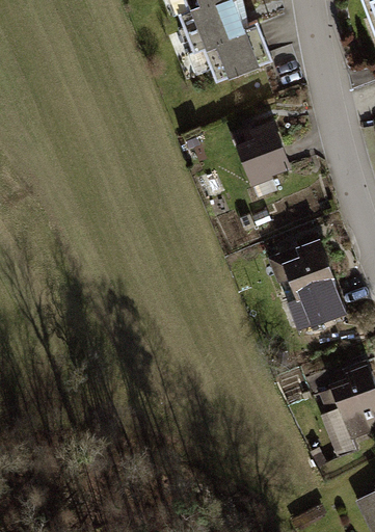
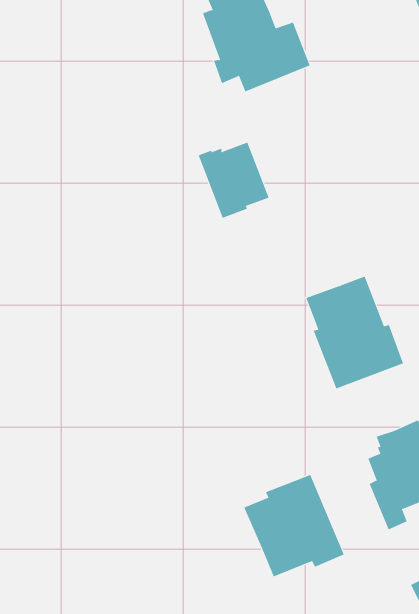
building: [231,122,292,187] -> [198,142,270,218]
building: none -> [243,474,344,577]

